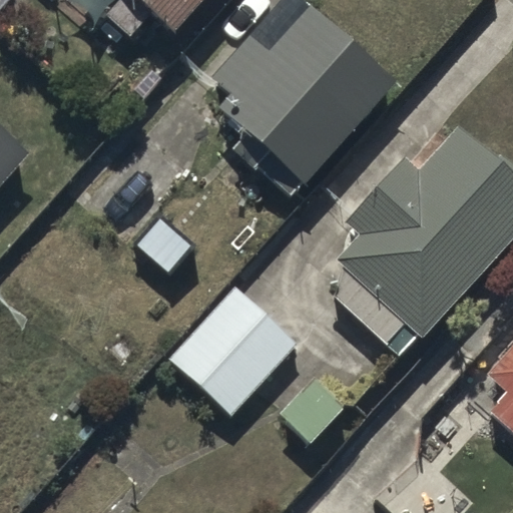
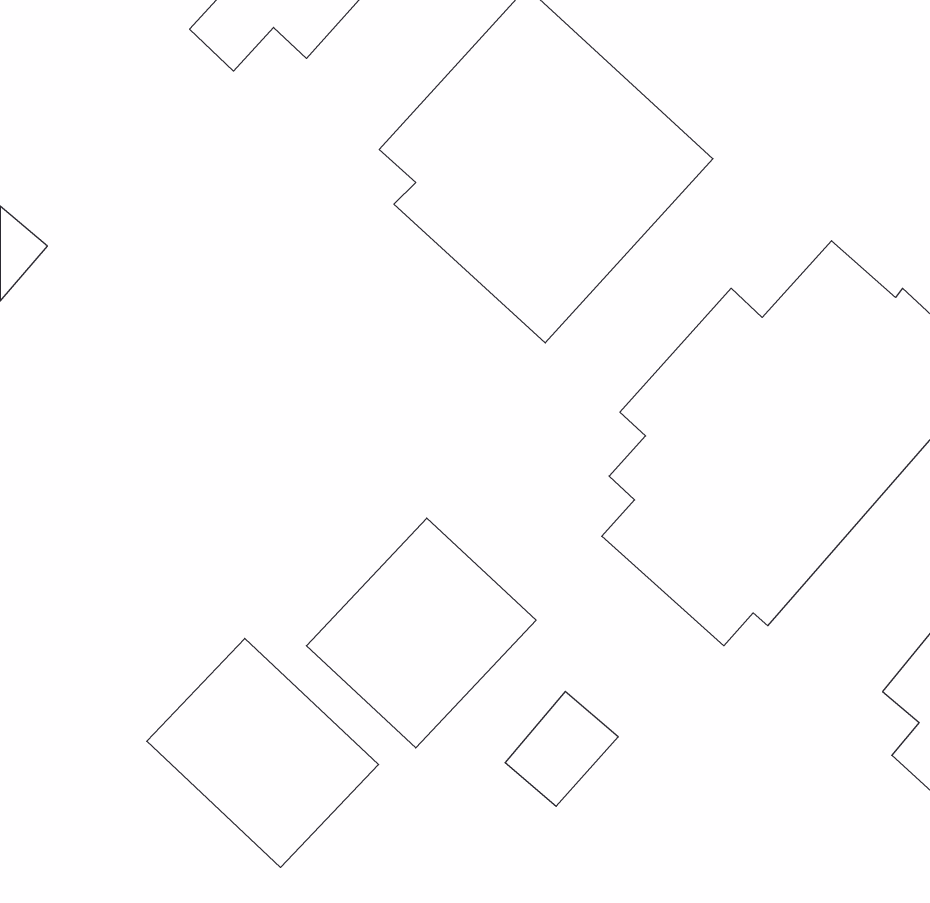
building: none -> [147,638,379,867]

